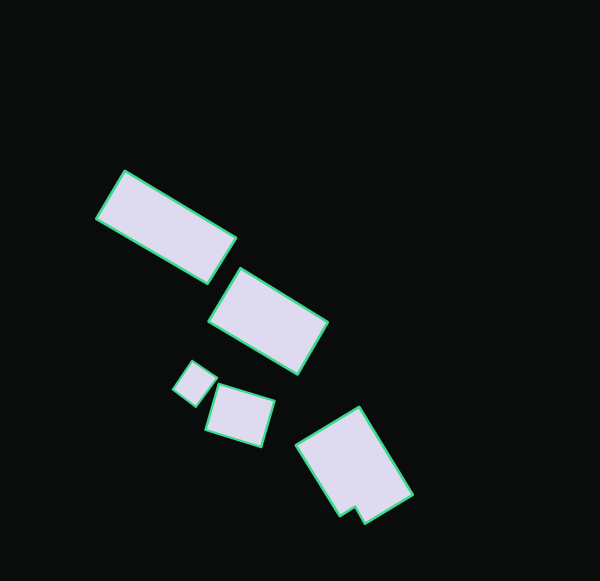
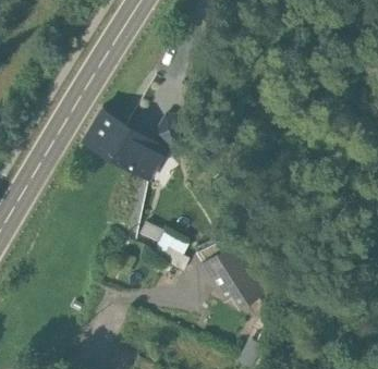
building: [208,268,328,375] -> none

